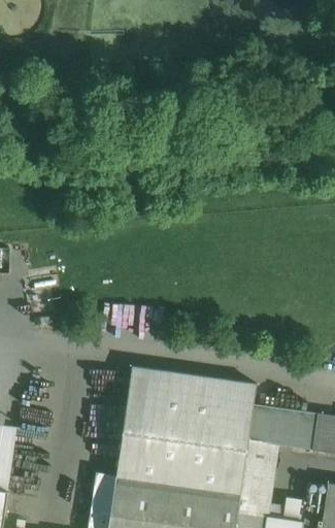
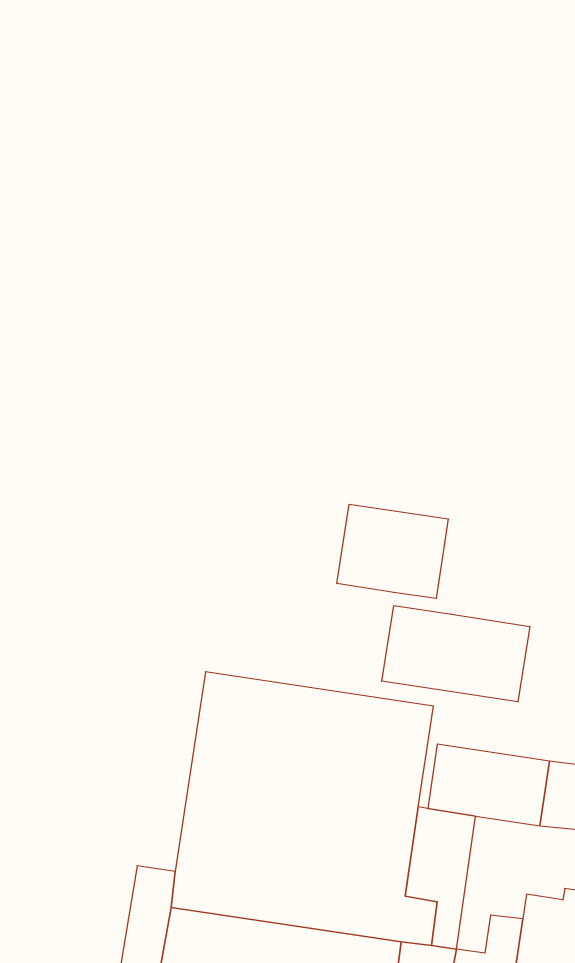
building: none -> [337,504,448,598]
building: none -> [382,606,530,702]

